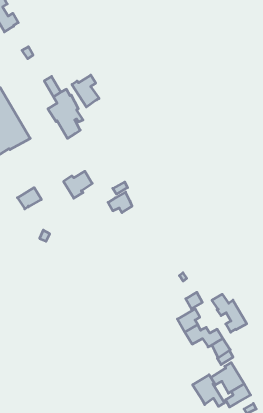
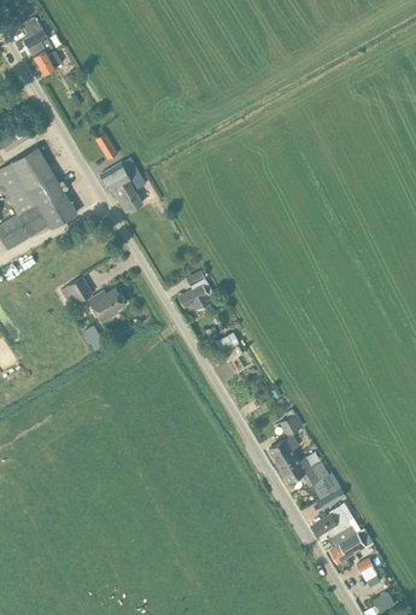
building: [72,75,99,107] -> none
building: [64,171,92,198] -> [87,288,124,323]
building: [212,294,247,332] -> none
building: [193,375,224,406] -> none

